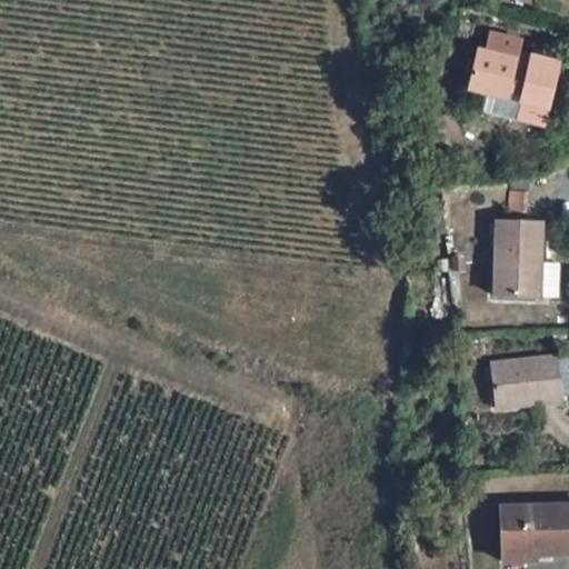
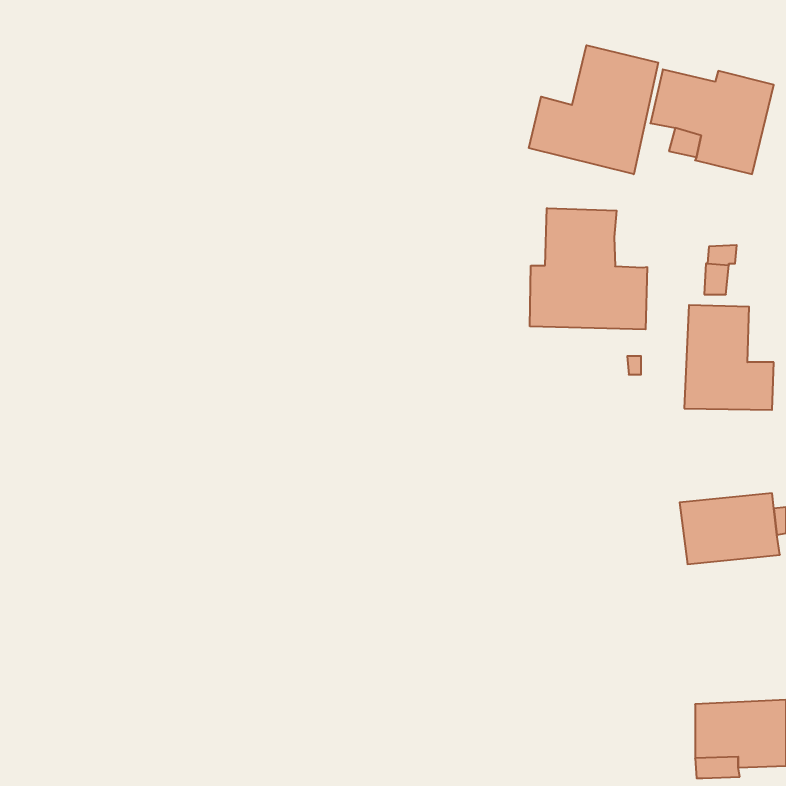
building: none -> [529,45,658,174]
building: none -> [530,208,647,329]

